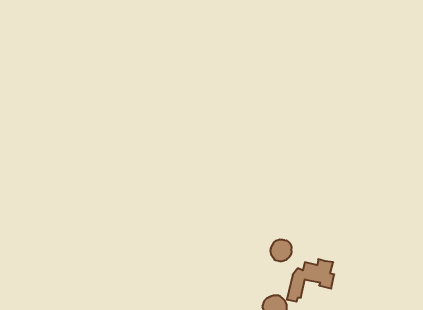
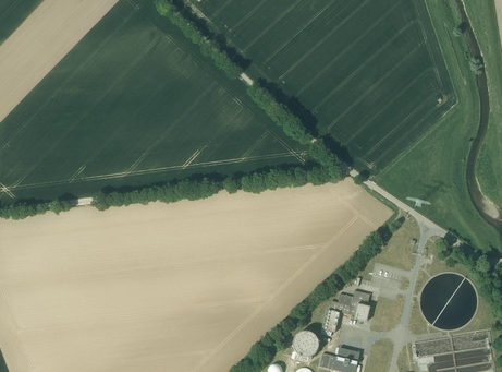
building: [271,239,292,262] -> none

